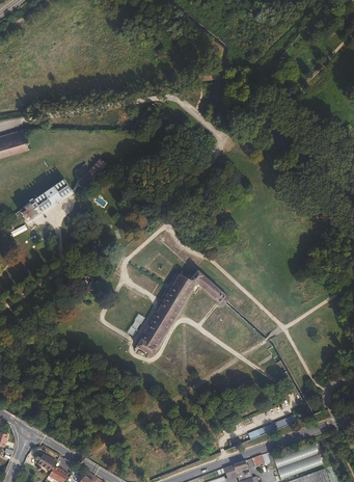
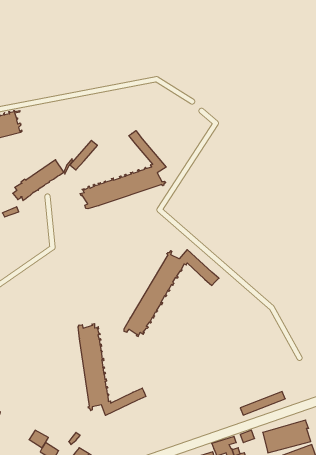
building: none -> [80,131,166,209]
building: none -> [78,324,146,415]

